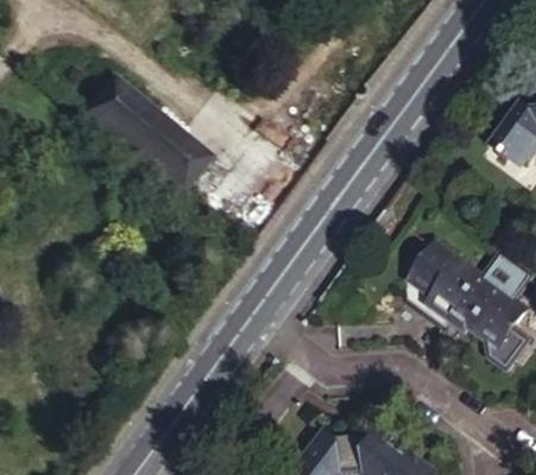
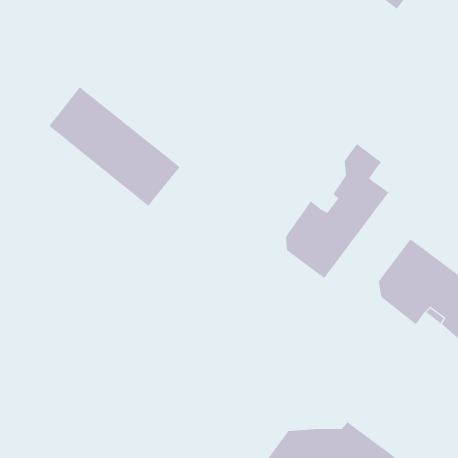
building: none -> [285,143,389,279]

